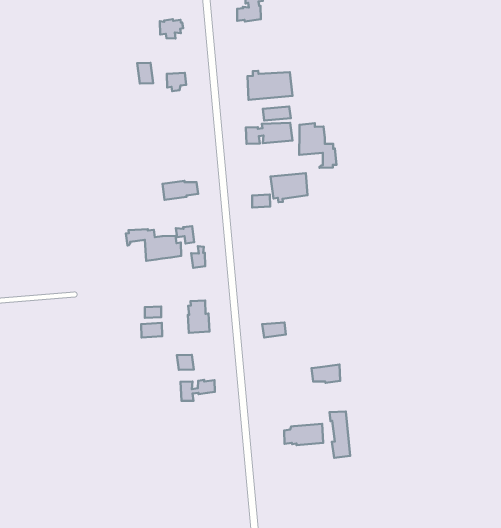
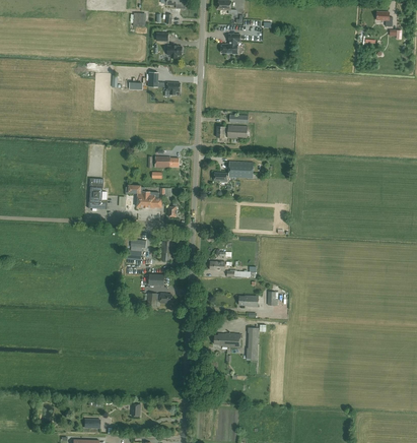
building: [247,71,293,100] -> none
building: [299,123,336,168] -> none
building: none -> [87,178,106,208]

